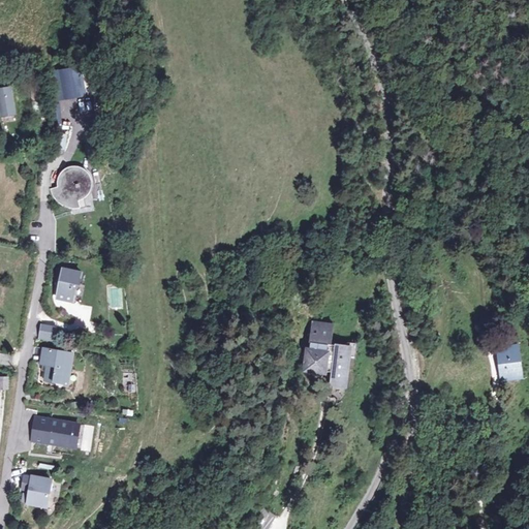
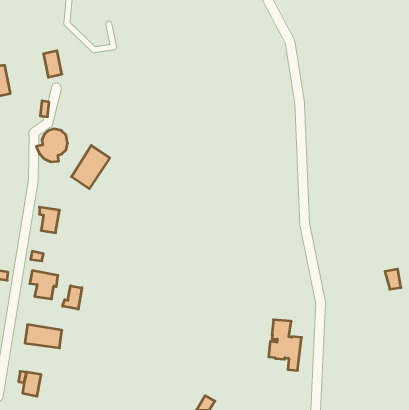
building: none -> [71,145,110,189]
building: [307,324,349,390] -> [269,320,302,370]
building: none -> [63,286,82,309]

